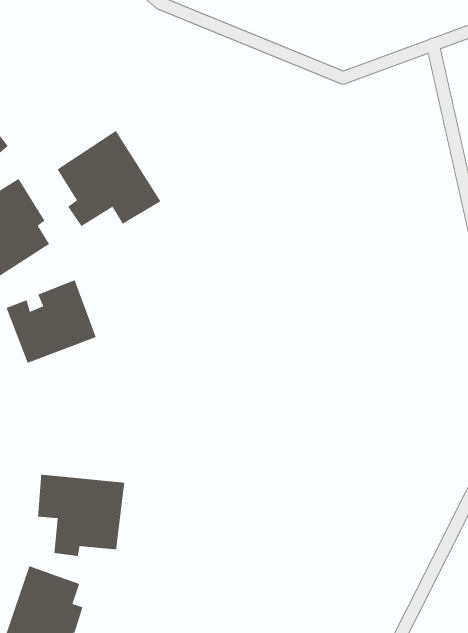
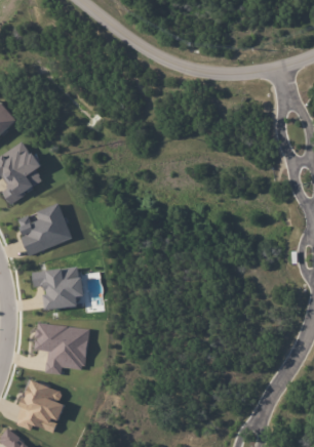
building: [57,130,161,227] -> none
building: none -> [32,267,83,310]

